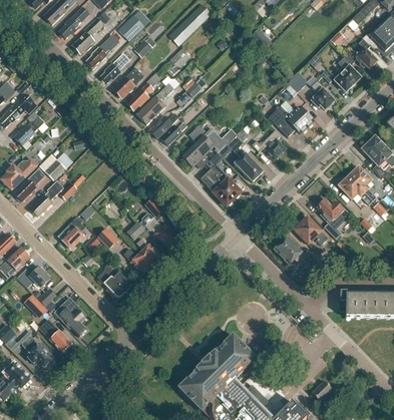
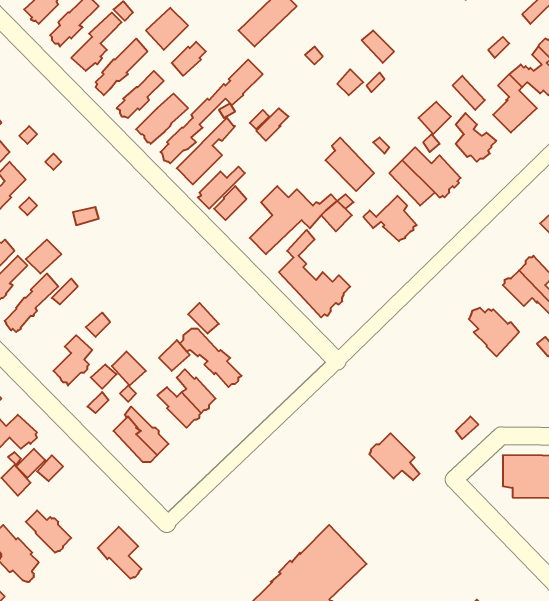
building: [235,148,265,181] -> [325,138,374,191]
building: [296,216,330,244] -> none
building: [276,236,307,265] -> [369,433,420,480]
building: [60,303,87,335] -> [98,527,142,579]

